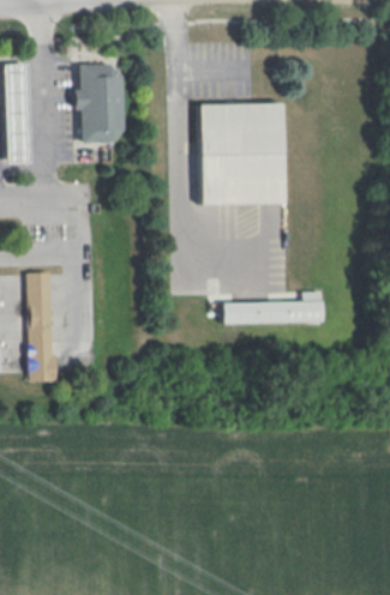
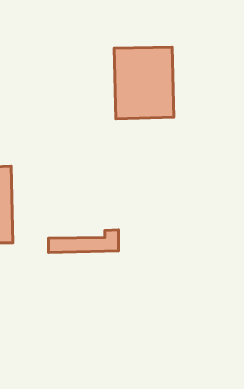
building: [76,64,125,140] -> none
building: [224,292,324,324] -> [48,230,118,253]

